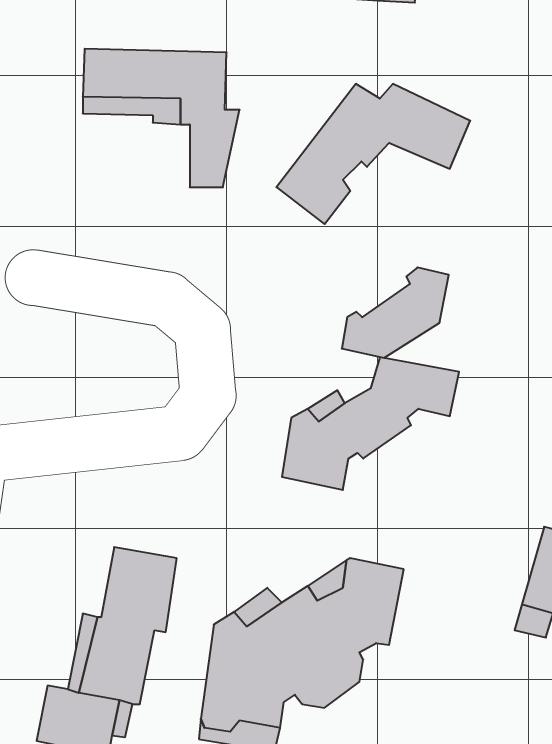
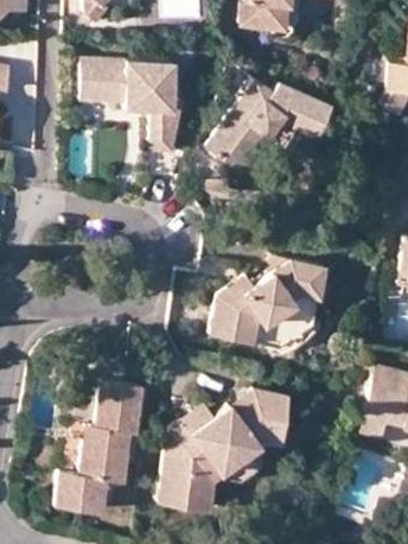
building: [342,267,449,358] -> [249,291,318,349]

